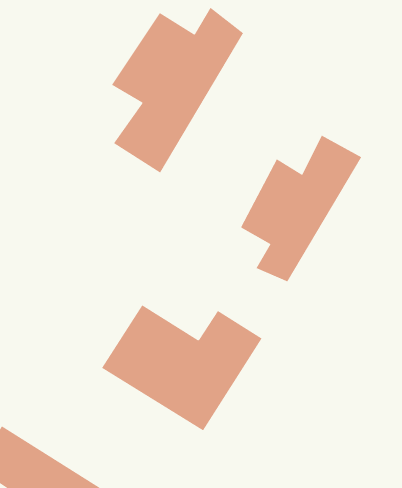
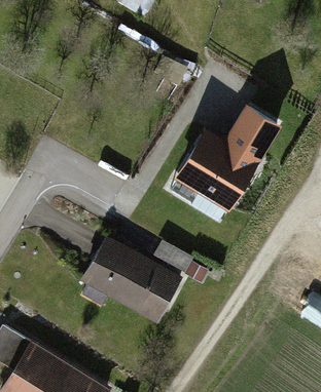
building: [111,7,244,174] -> none

